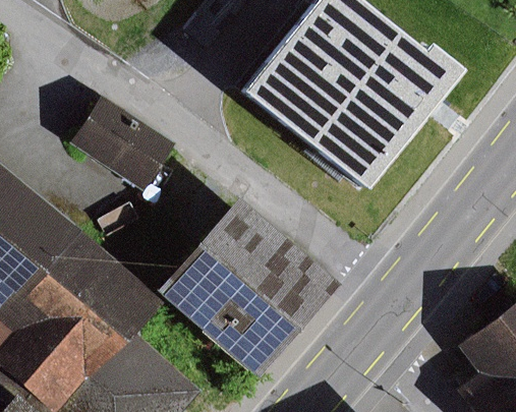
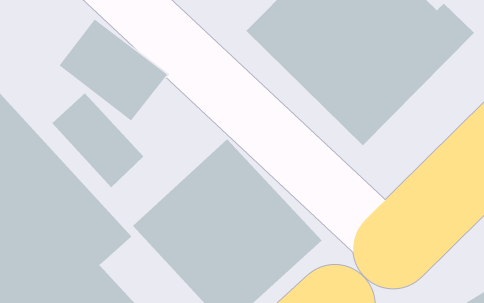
building: none -> [52,93,144,188]

